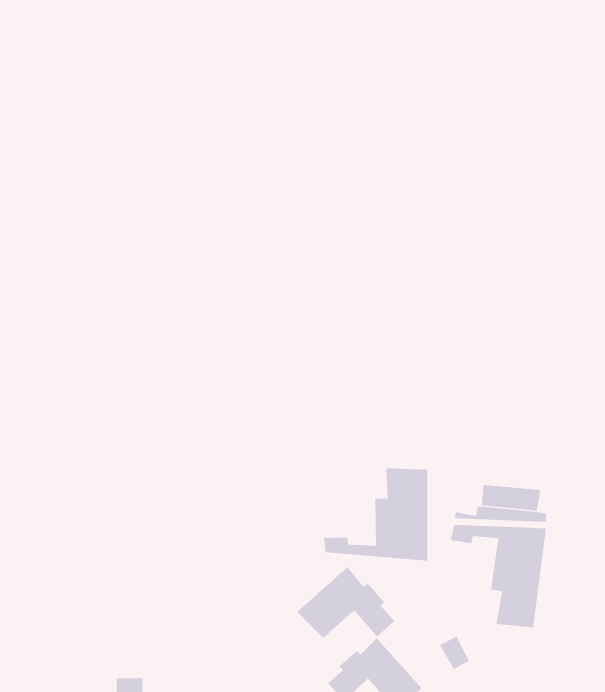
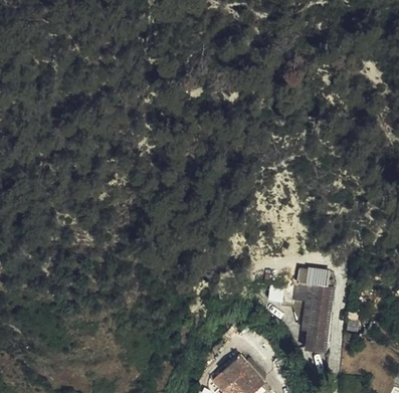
building: [323,467,428,562] -> none
building: [297,566,395,639] -> none

